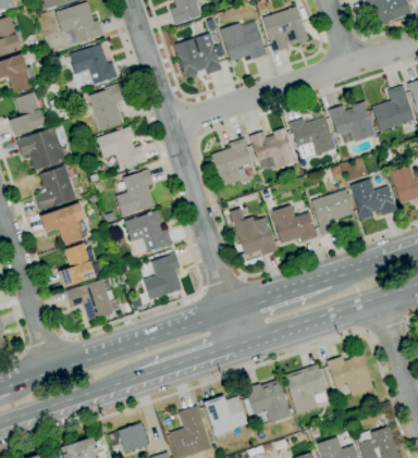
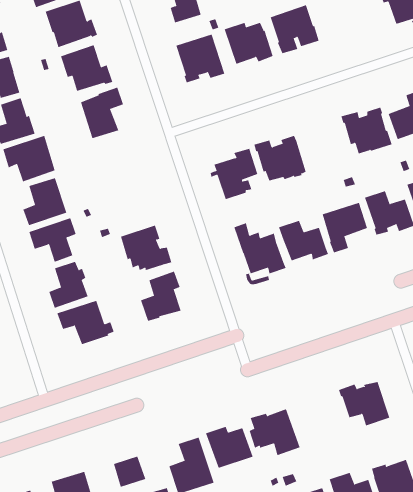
building: [288,116,335,156] -> none
building: [97,126,146,169] -> none
building: [116,169,155,216] -> none
building: [284,364,328,413] -> none

